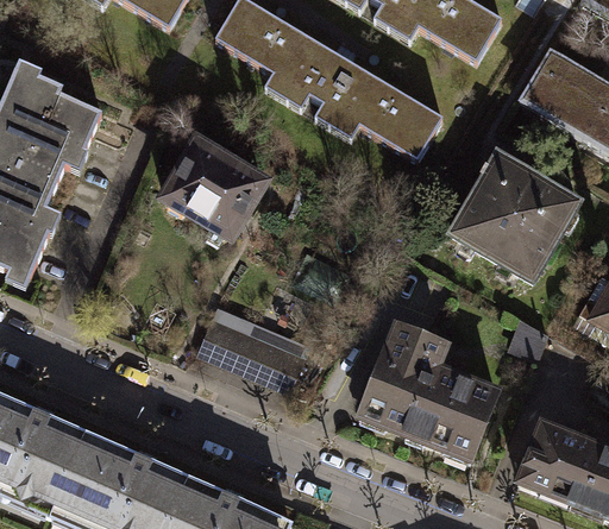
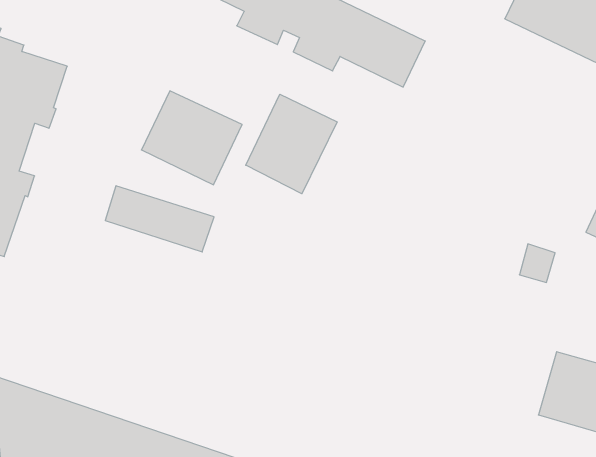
building: [451,155,577,278] -> none
building: none -> [246,94,337,194]
building: [199,319,302,389] -> [105,186,214,252]
building: [360,323,496,454] -> none

